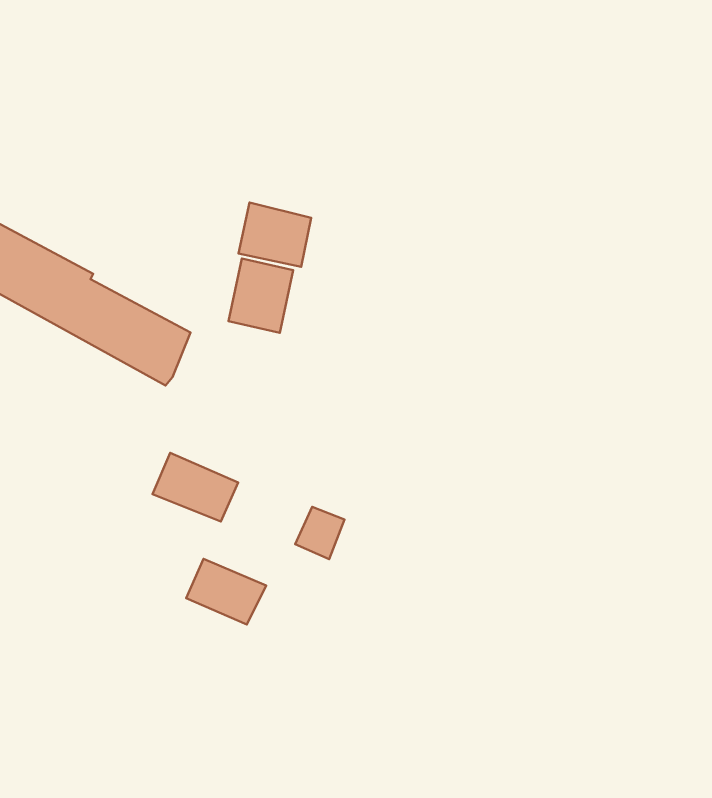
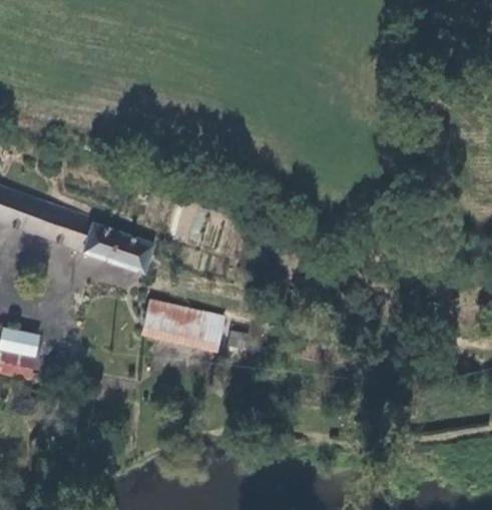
building: [239,203,311,267] -> none
building: [186,559,266,624] -> [183,319,224,350]

